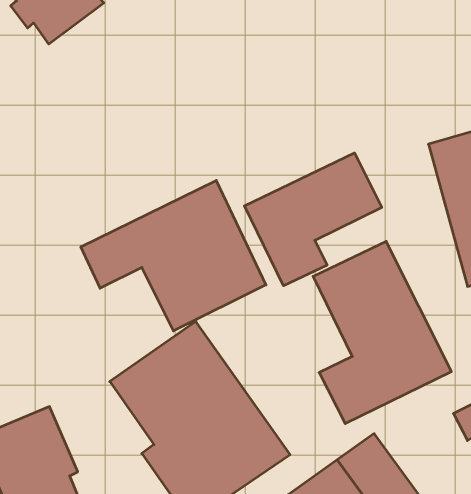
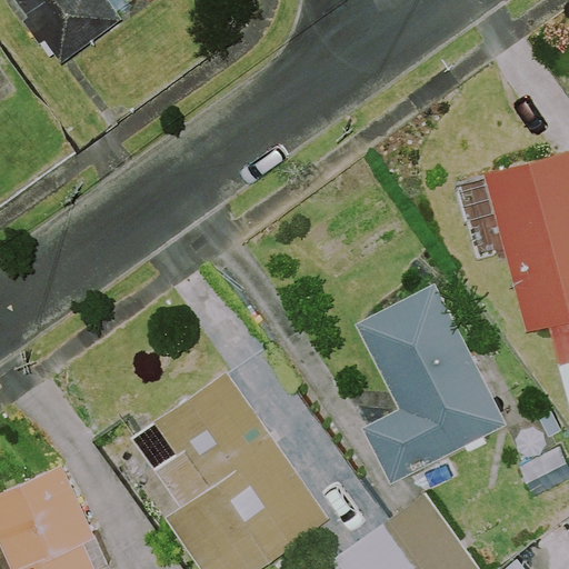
building: [244,153,382,286] -> none
building: [81,180,266,331] -> none

